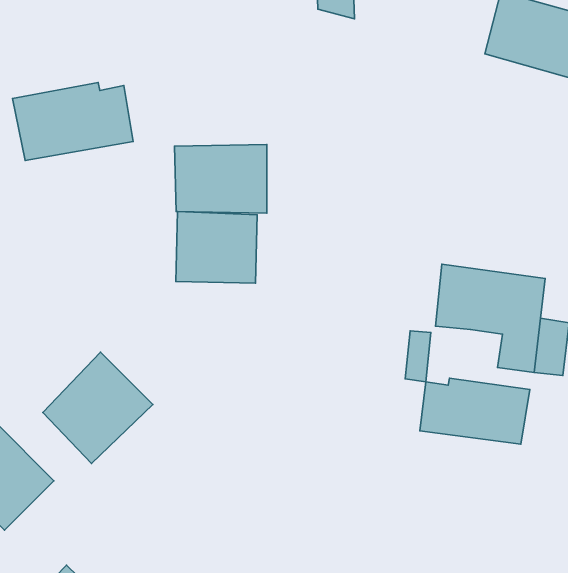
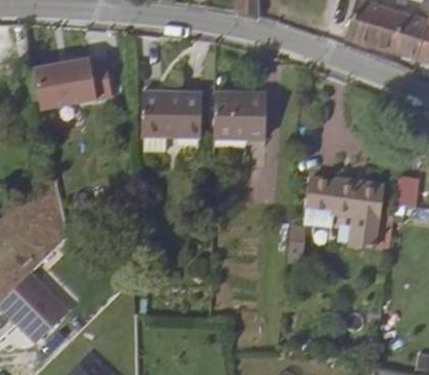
building: [176,212,257,283] -> [212,95,265,142]
building: [43,352,153,463] -> none
building: [420,378,530,444] -> none

